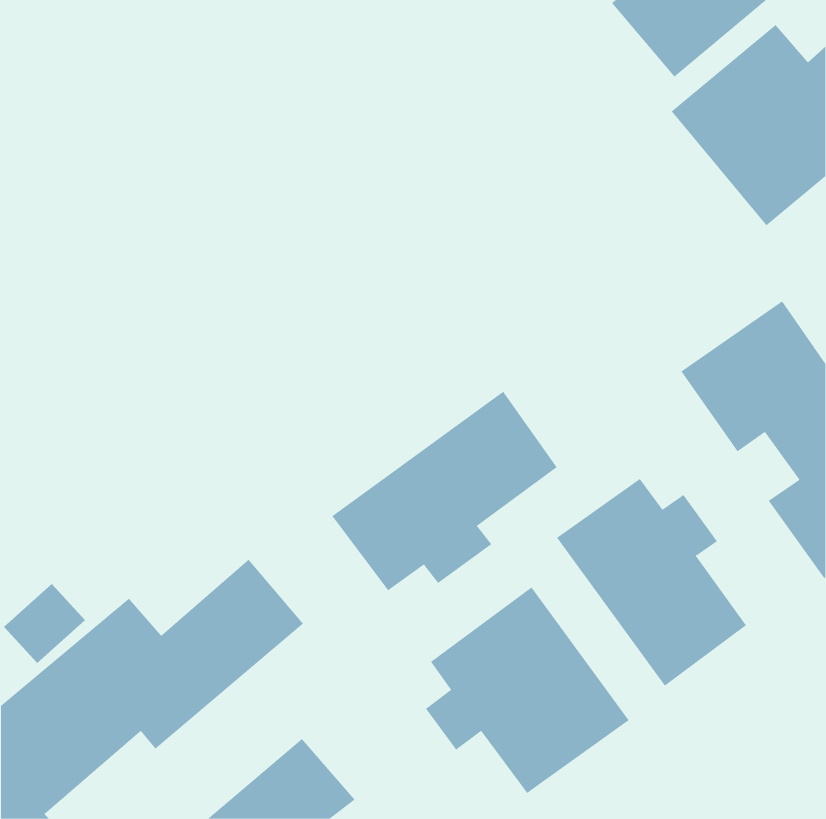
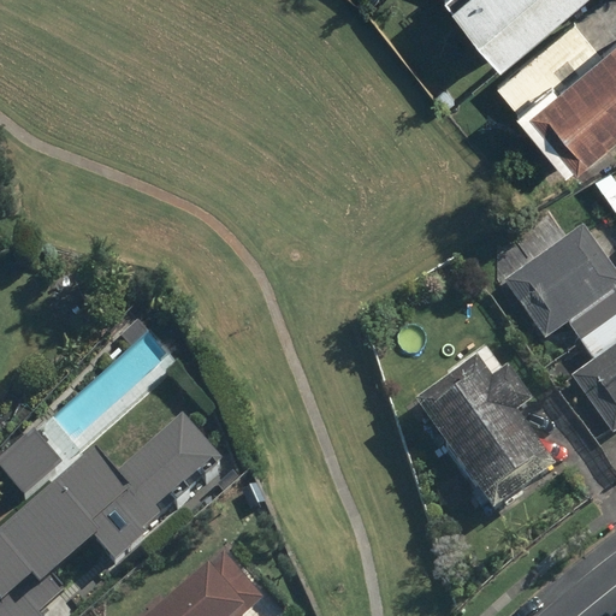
building: [332,391,558,591] -> none
building: [425,587,629,794] -> none

